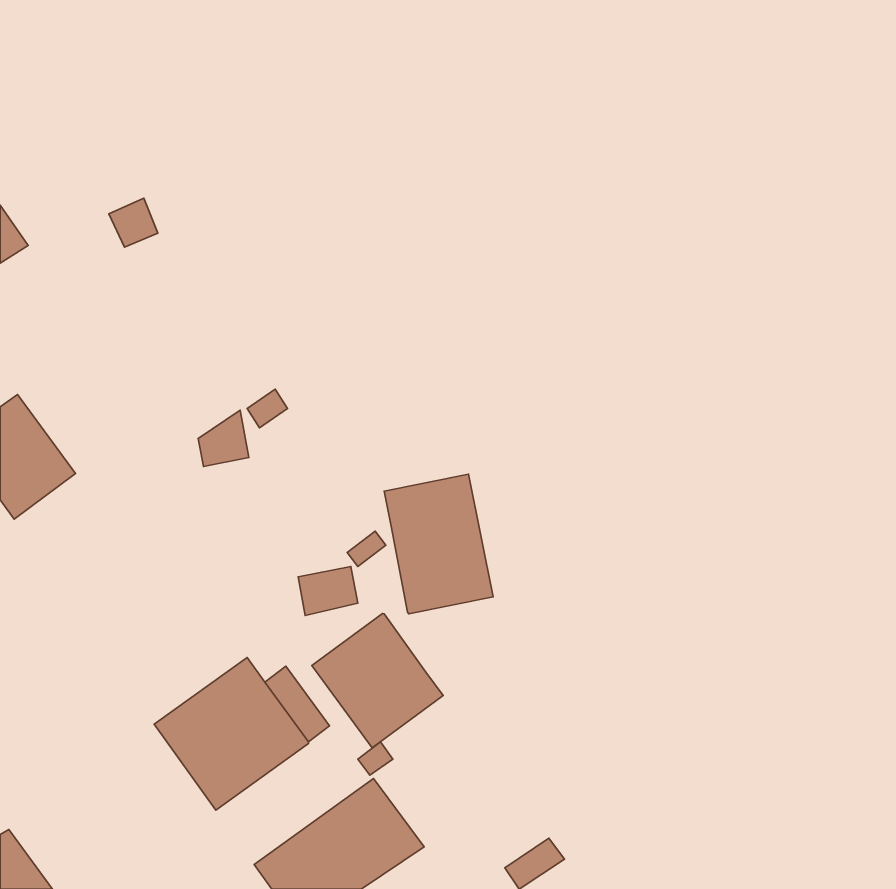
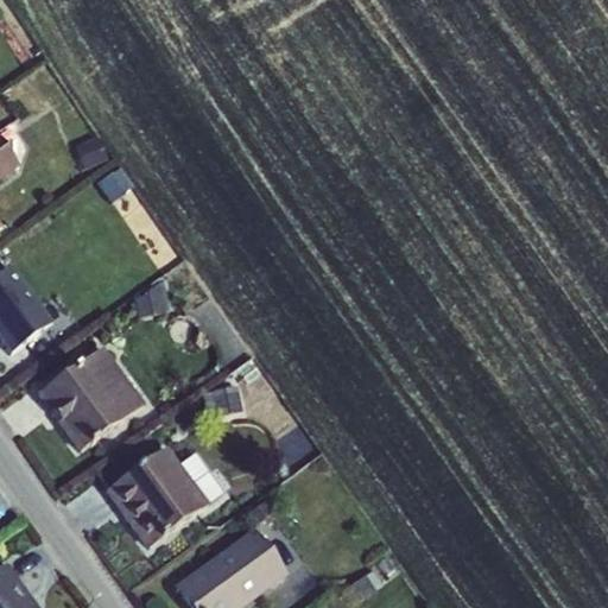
building: [384,474,493,614] -> none
building: none -> [37,346,144,450]
building: [312,613,443,748] -> none

